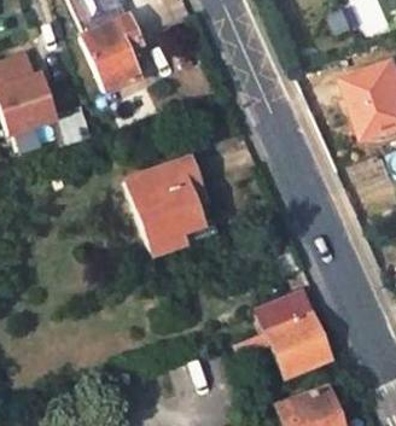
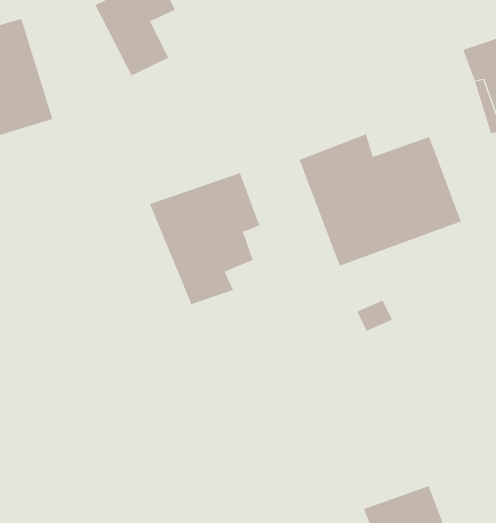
building: none -> [299,134,462,266]
building: [235,293,330,379] -> none

